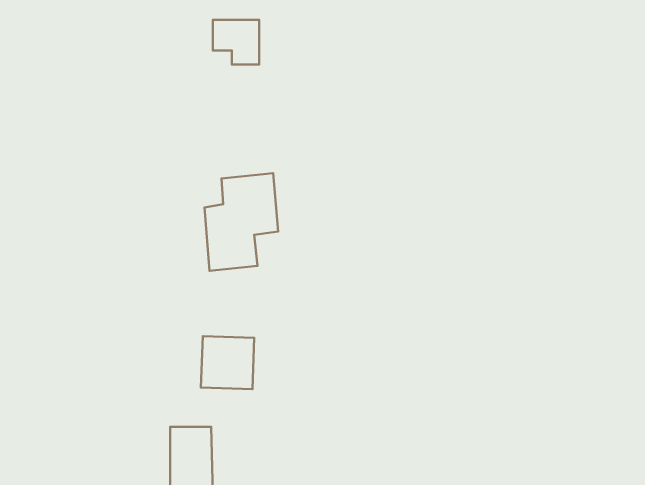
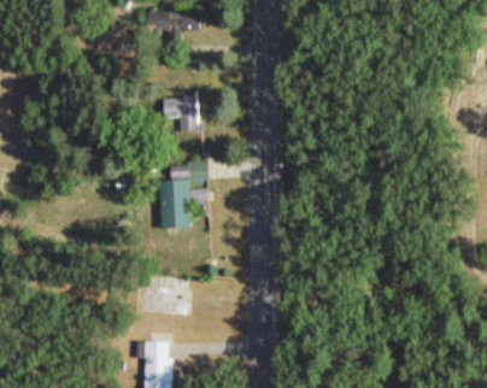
building: [213,20,259,64] -> [164,98,196,129]

